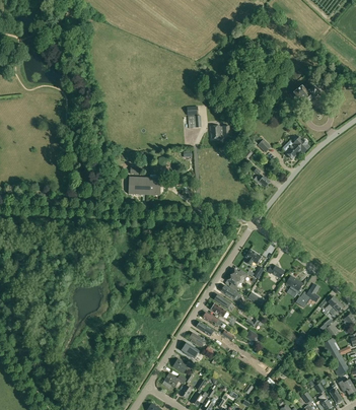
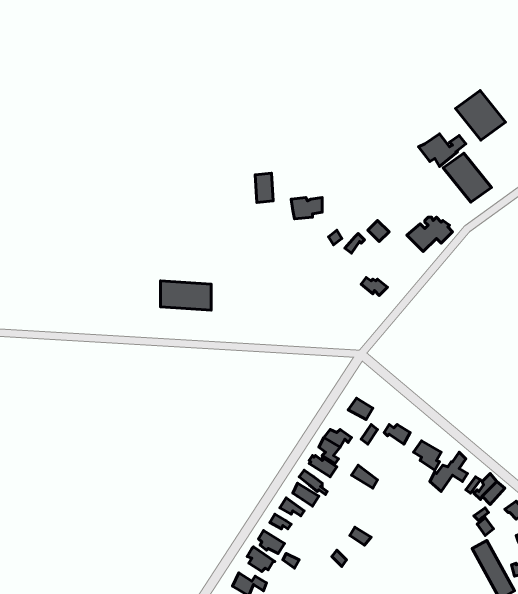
building: none -> [456,91,505,140]
building: none -> [443,153,491,202]

